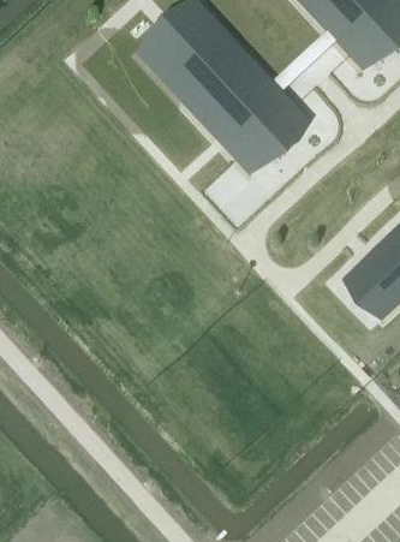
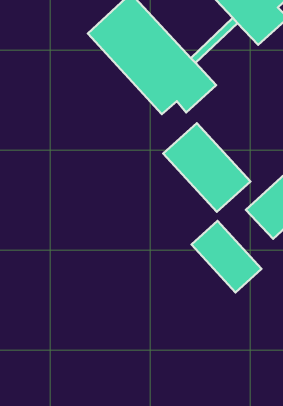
building: none -> [163,123,250,212]
building: none -> [191,221,262,292]

